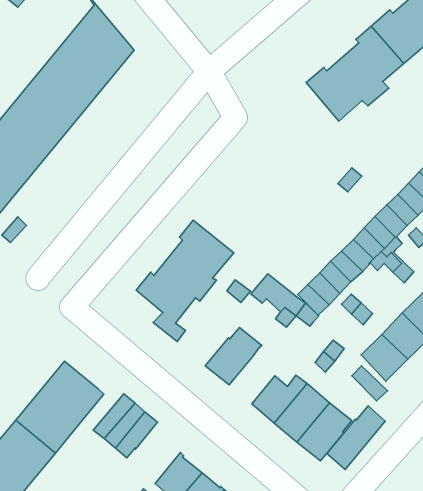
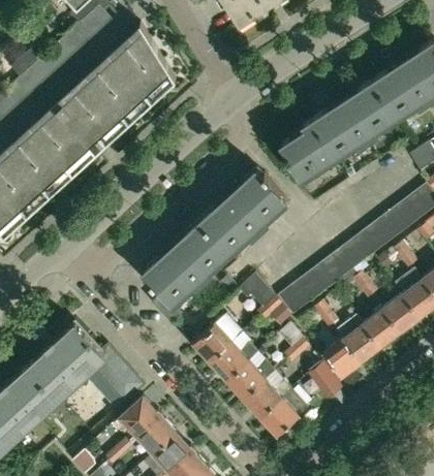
building: none -> [279,121,332,178]
building: none -> [198,169,285,254]
building: none -> [209,336,255,382]
building: none -> [82,345,120,385]
building: [327,406,385,470] -> none
building: none -> [118,398,160,437]

